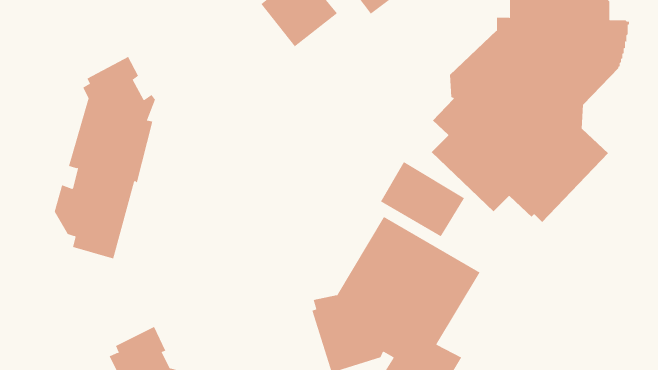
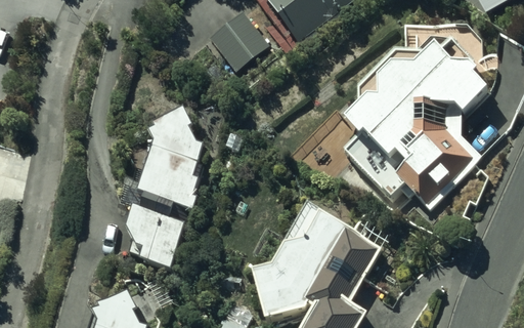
building: [54,56,156,259] -> [125,108,205,266]
building: [380,161,465,237] -> none

